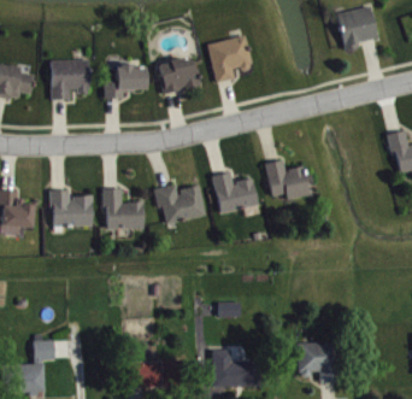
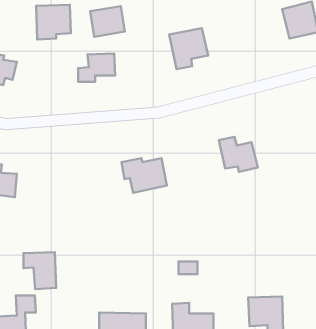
building: [158,58,198,93] -> [90,6,125,37]
building: [49,60,89,100] -> [36,5,71,40]
building: [212,172,258,215] -> none
building: [104,189,143,229] -> none
building: [51,190,93,228] -> none
building: none -> [24,252,56,289]

